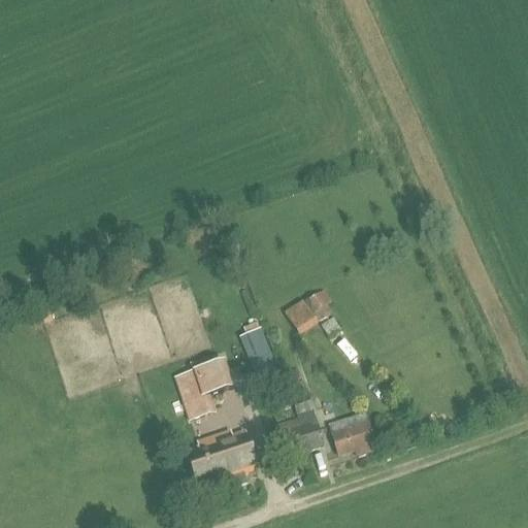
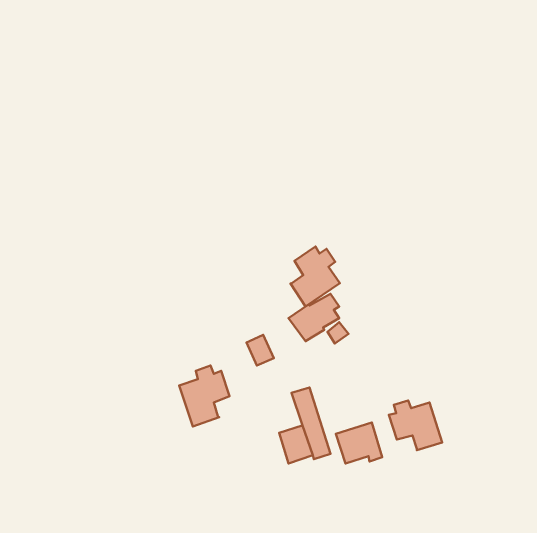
building: none -> [290,247,340,307]
building: none -> [389,400,442,450]
building: [187,429,258,488] -> none

